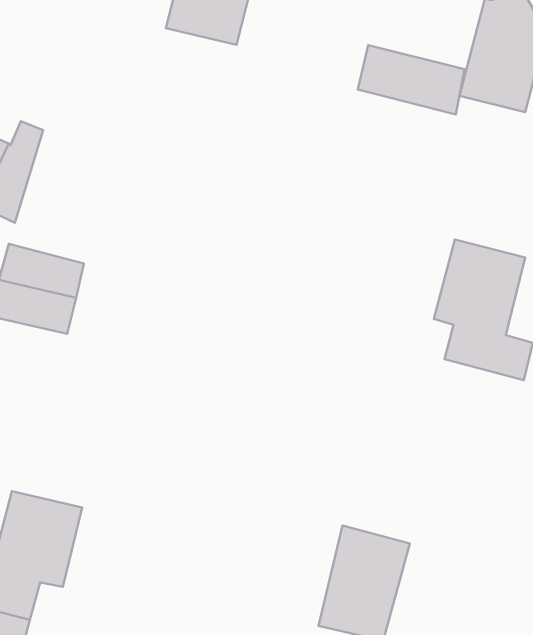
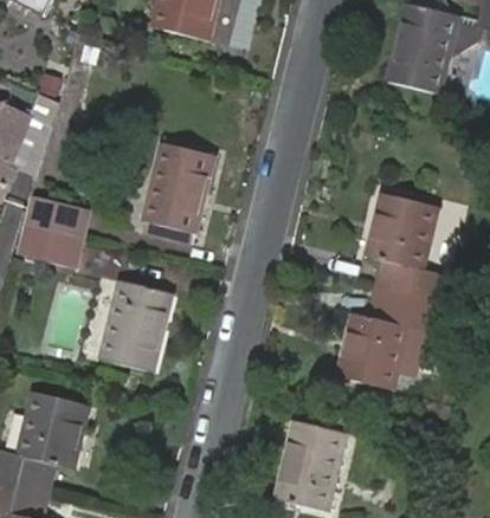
building: [358,45,464,114] -> none
building: none -> [143,143,217,234]
building: none -> [99,281,173,371]
building: none -> [336,289,438,390]

